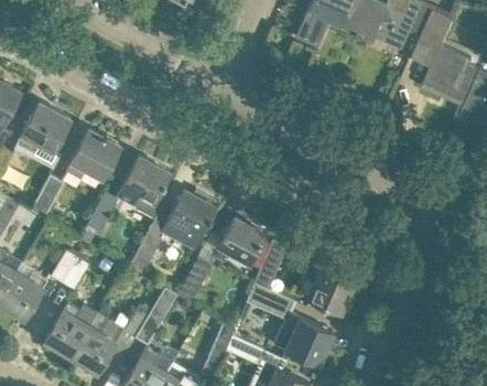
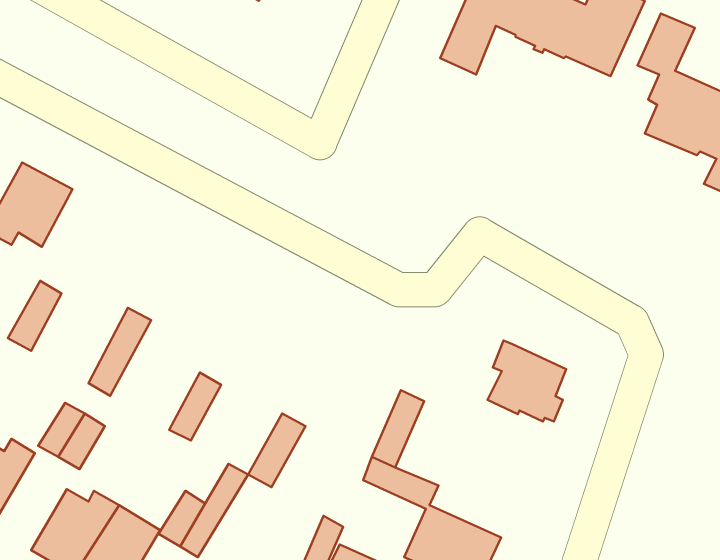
building: [65,129,120,180] -> none
building: [117,156,170,218] -> none
building: [161,190,216,249] -> none
building: [213,217,266,265] -> none
building: [306,262,355,312] -> [487,341,566,421]

